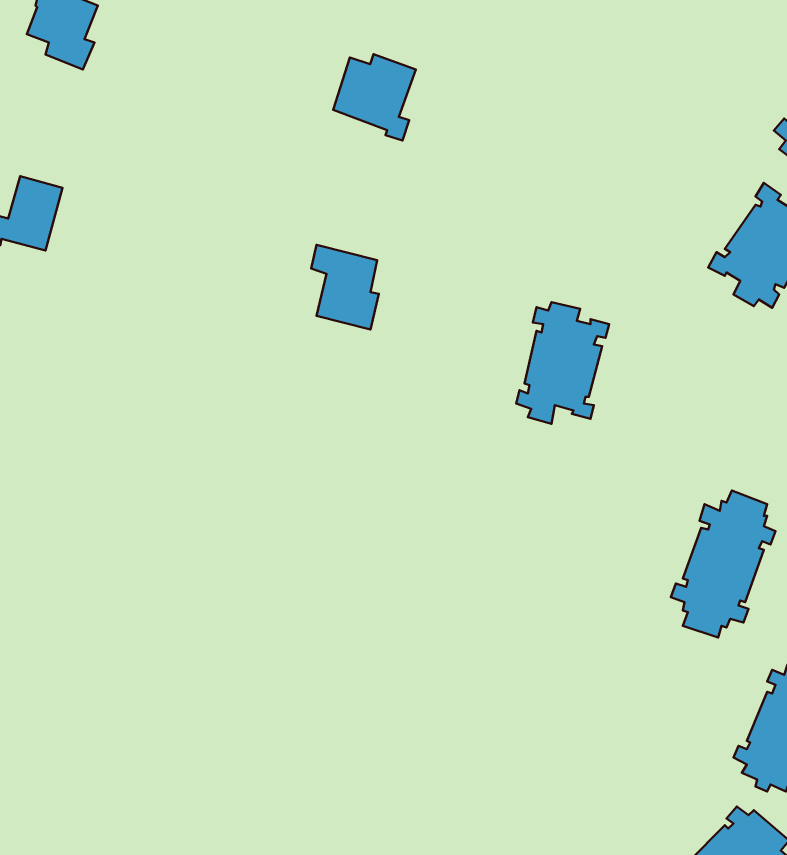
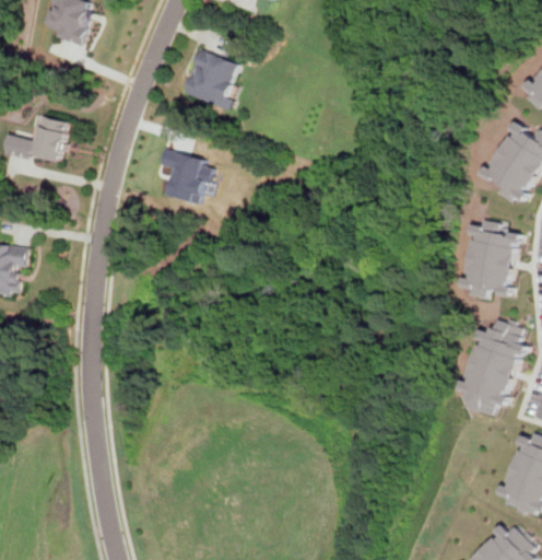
building: [333,54,416,140] -> [181,56,235,112]
building: [311,245,379,329] -> [160,148,203,202]
building: [516,302,609,424] -> [462,219,522,298]

